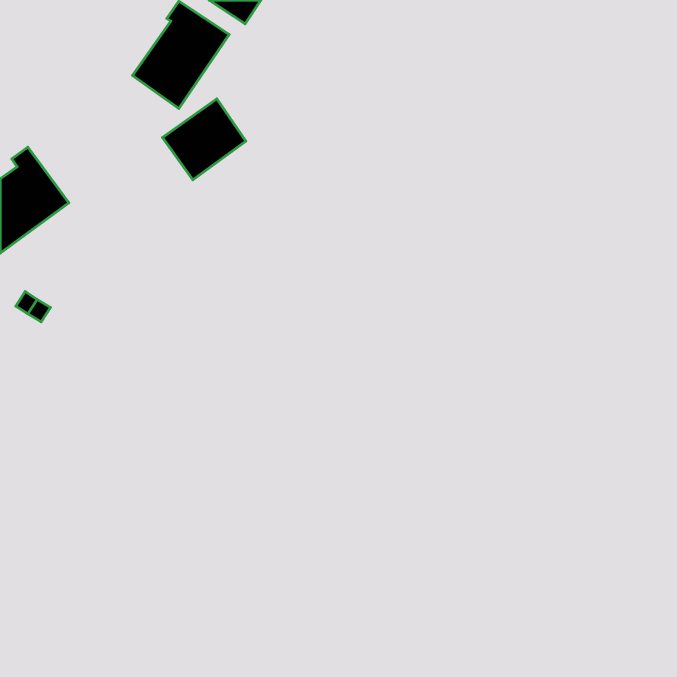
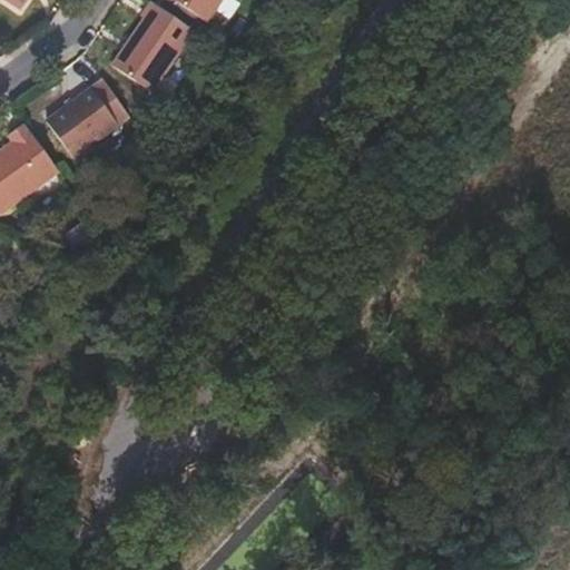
building: [162,99,246,180] -> [47,88,117,156]

